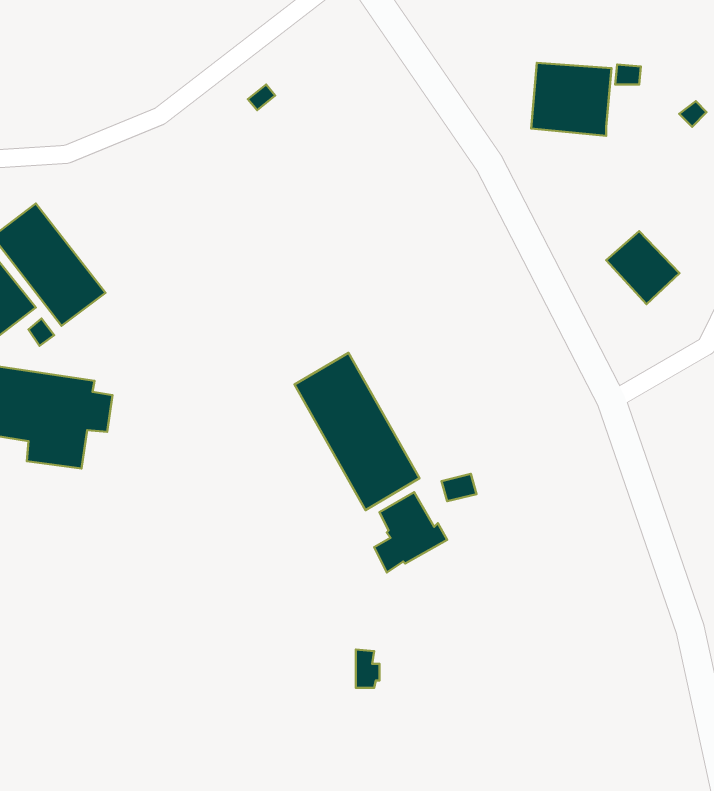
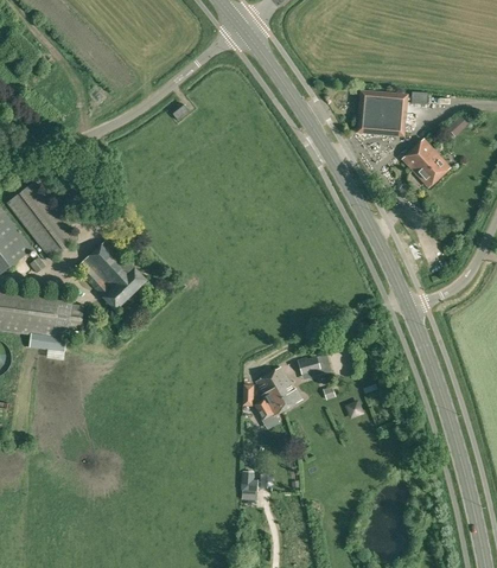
building: [606,231,679,304] -> [402,139,450,186]
building: none -> [76,240,146,309]
building: [295,353,420,510] -> none

